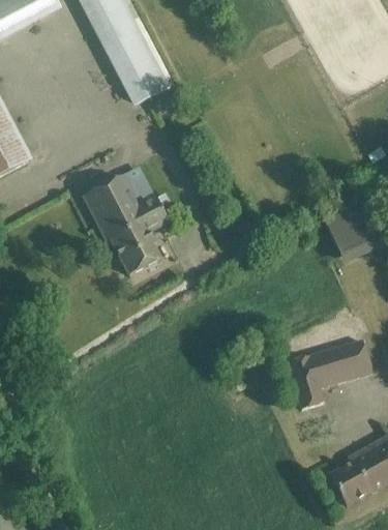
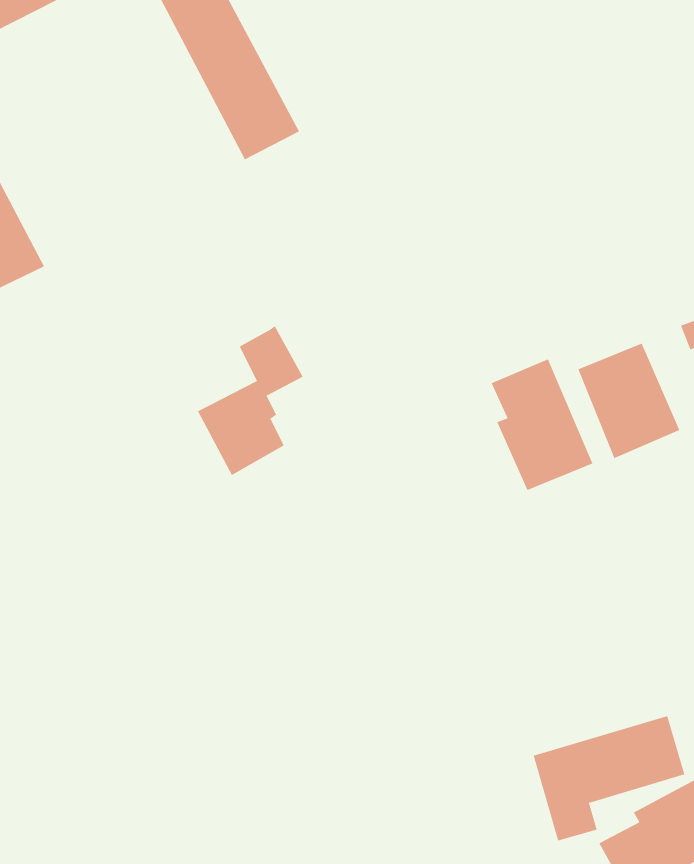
building: [84,168,151,242] -> none
building: none -> [491,358,593,491]
building: [289,338,371,407] -> [533,716,685,841]

